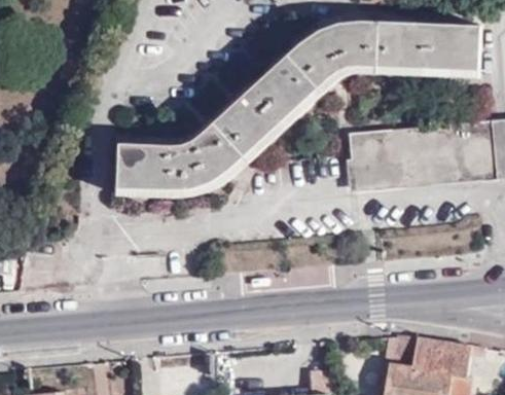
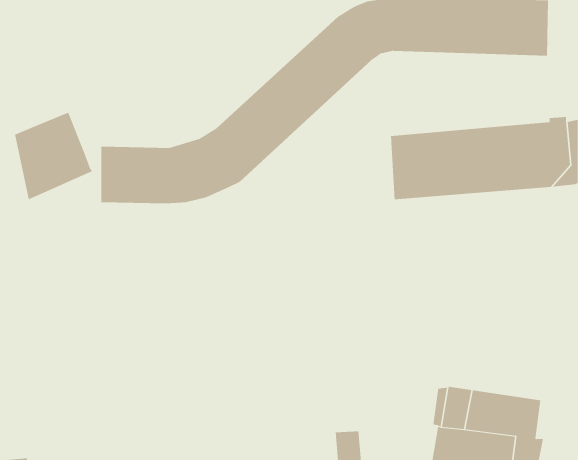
building: none -> [14,112,93,200]

